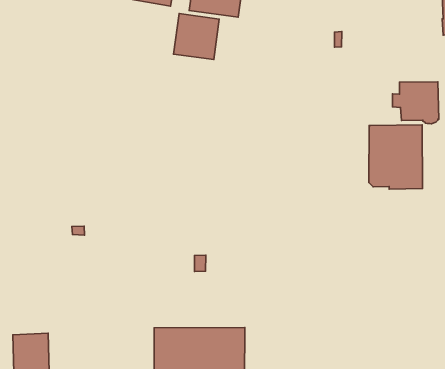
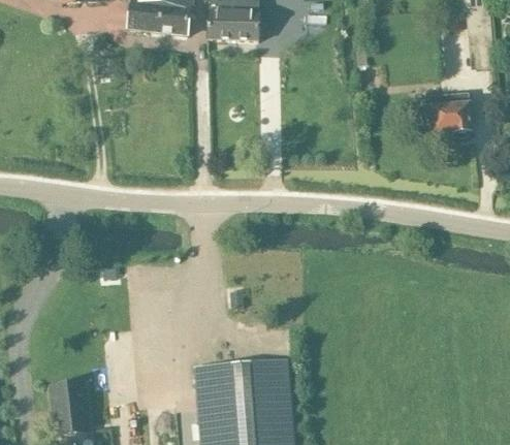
building: [173,14,219,60] -> none
building: [369,125,422,189] -> none

